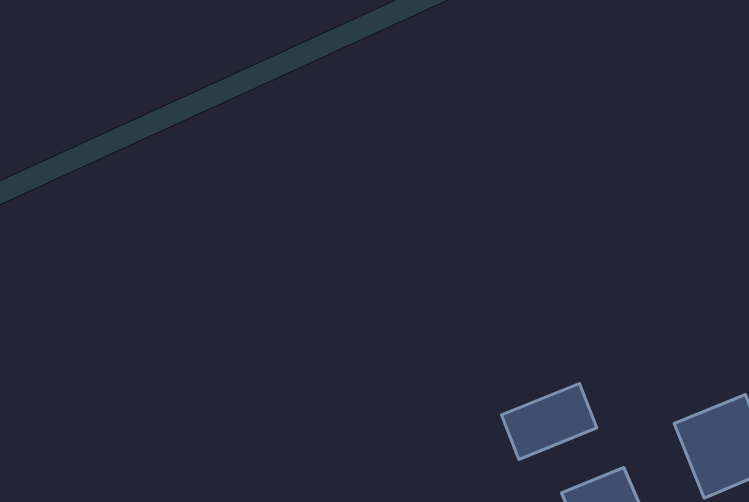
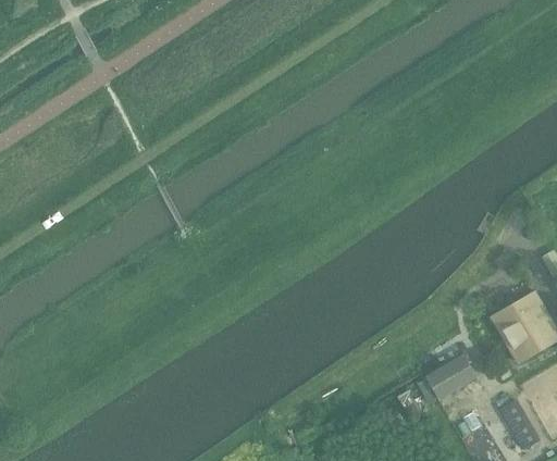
building: [502,383,597,460] -> none

